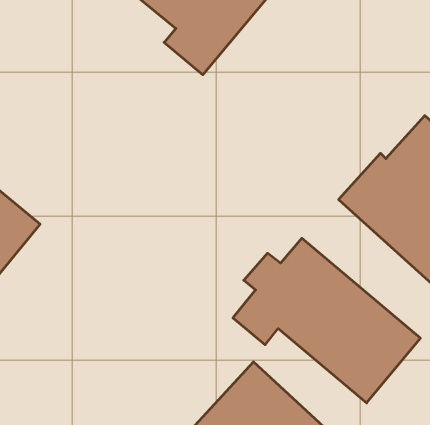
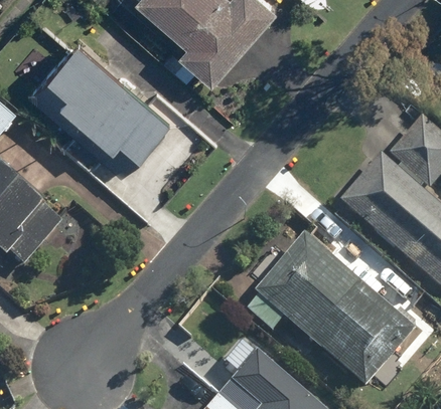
building: none -> [32,34,172,169]

